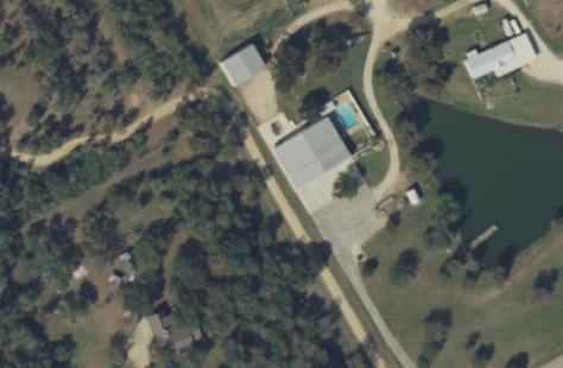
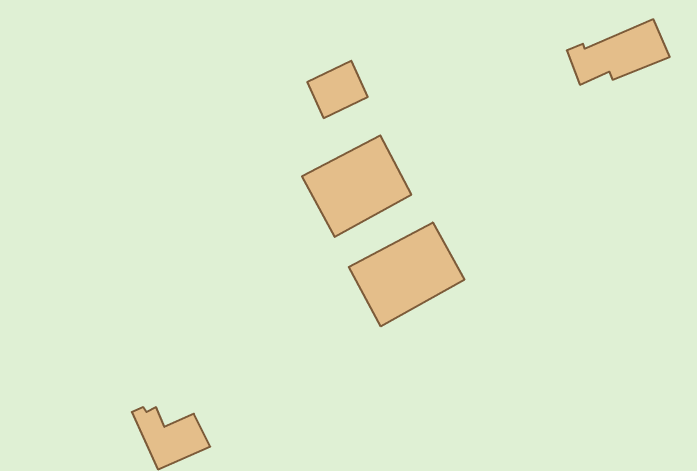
building: [221,44,265,85] -> [307,61,368,118]
building: none -> [349,222,464,326]

